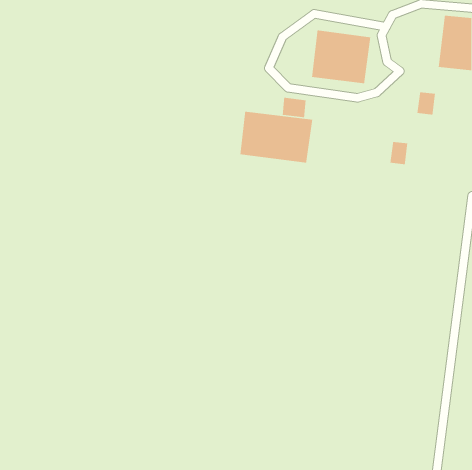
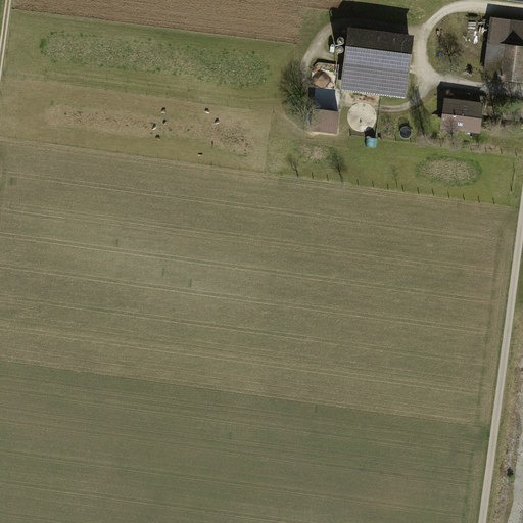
building: [239,111,313,163] -> none
building: [390,141,408,165] -> [443,99,464,126]

